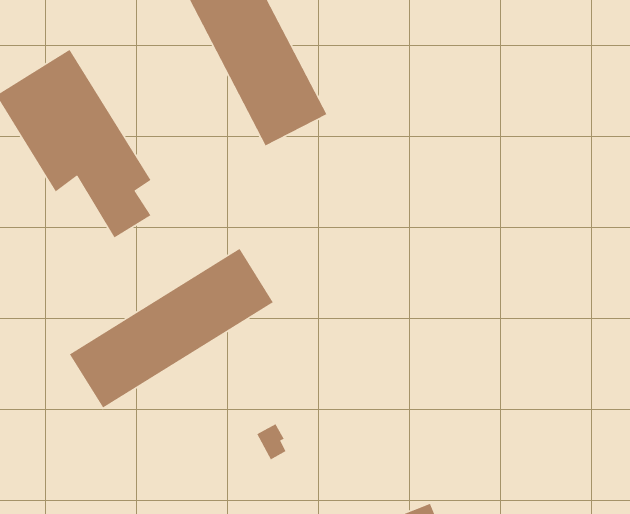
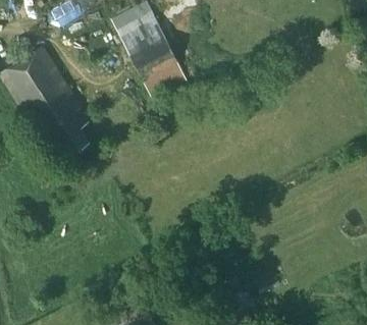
building: [69,248,274,408] -> none

